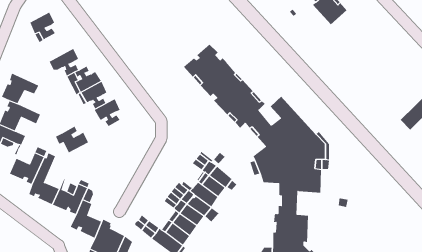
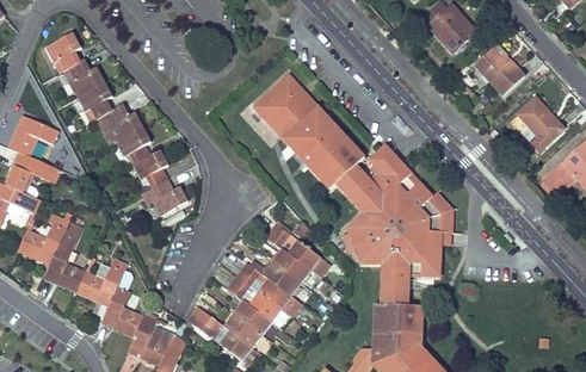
building: none -> [475,48,524,94]
building: none -> [68,60,105,97]
building: none -> [518,97,563,149]
building: [55,126,89,153] -> [142,178,187,215]

